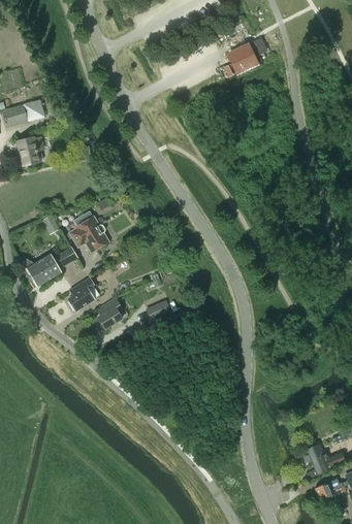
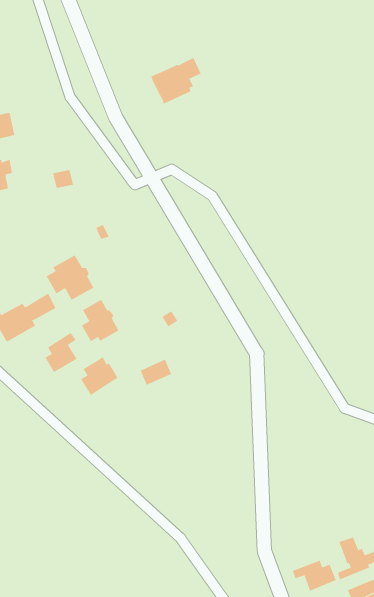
building: [225,37,266,75] -> [151,57,201,104]
building: none -> [81,299,119,342]
building: none -> [292,560,337,592]

